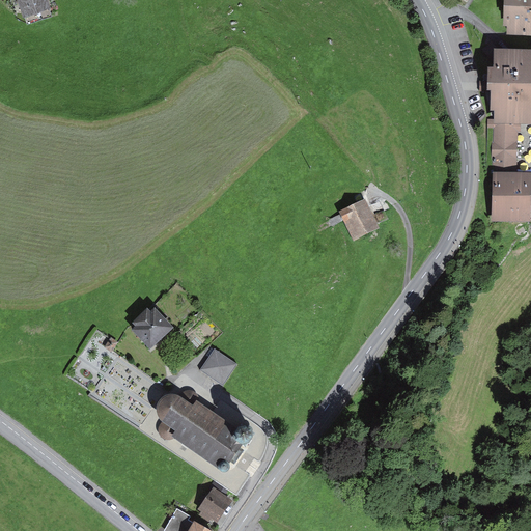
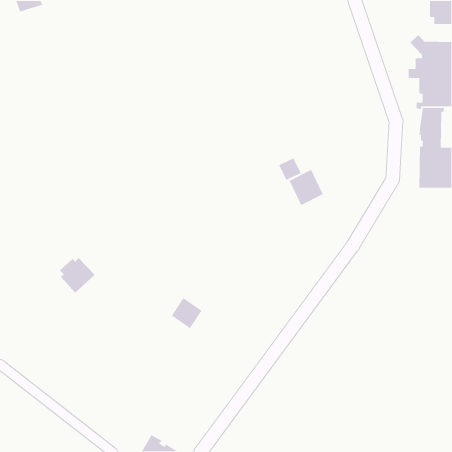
building: none -> [278,157,302,181]
building: [132,307,174,350] -> [59,257,95,294]
building: [159,392,254,472] -> none
building: [200,483,226,522] -> none

